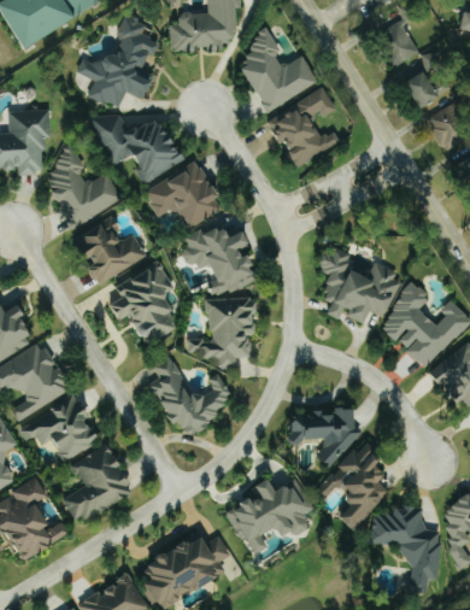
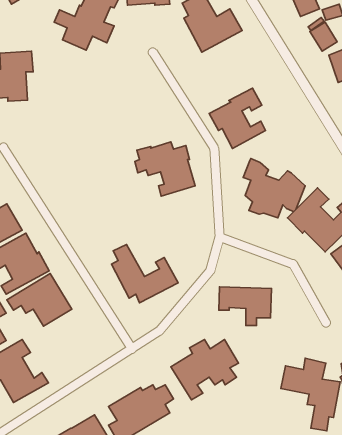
building: [266,88,339,165] -> [209,88,266,148]
building: [92,115,183,182] -> none
building: [40,151,119,227] -> none
building: [142,162,222,228] -> none
building: [80,218,145,285] -> none
building: [107,264,178,342] -> none
building: [186,298,254,362] -> none
building: [327,441,387,530] -> none
building: [60,444,133,524] -> none

